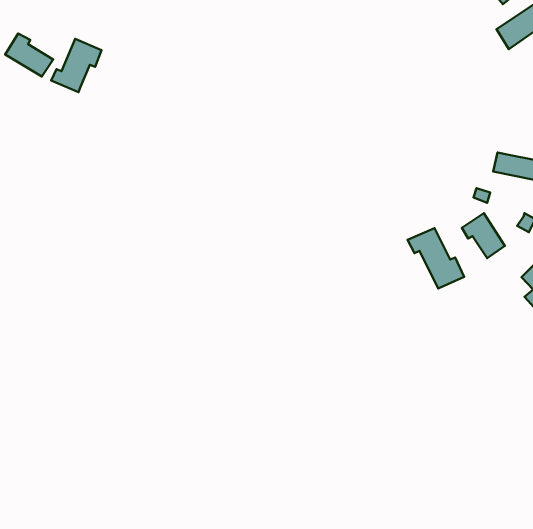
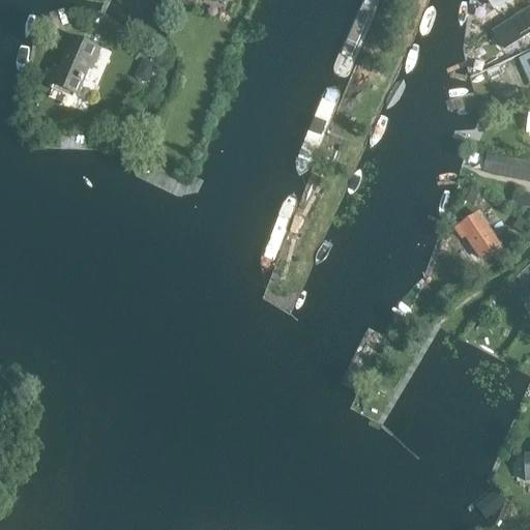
building: [5,33,53,77] -> none
building: [407,228,464,288] -> none

